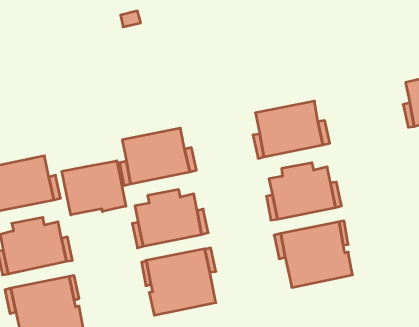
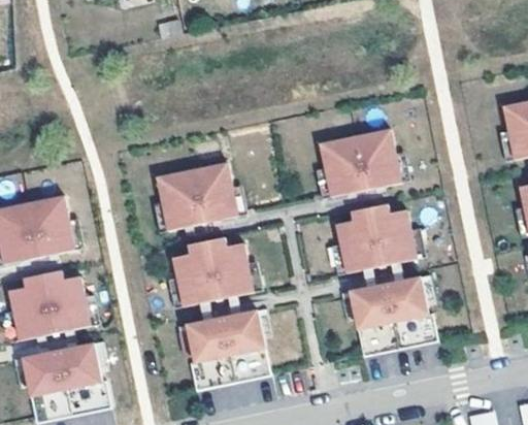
building: [62,161,126,215] -> none

